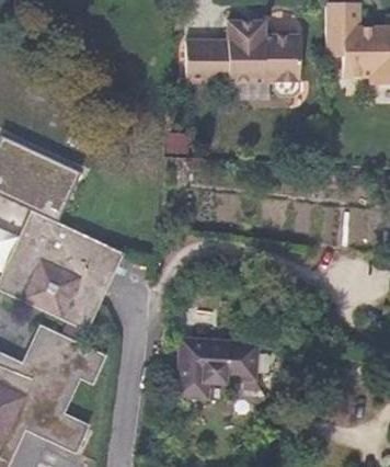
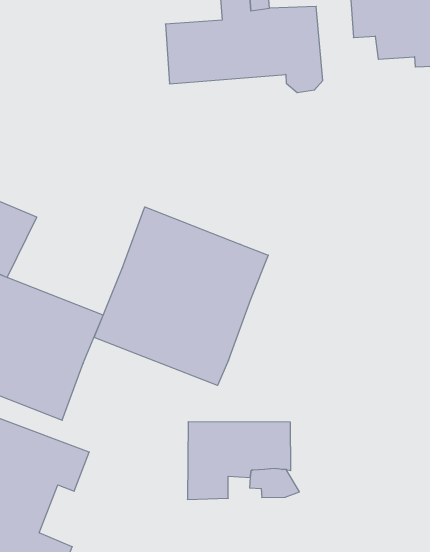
building: none -> [94,207,268,385]

